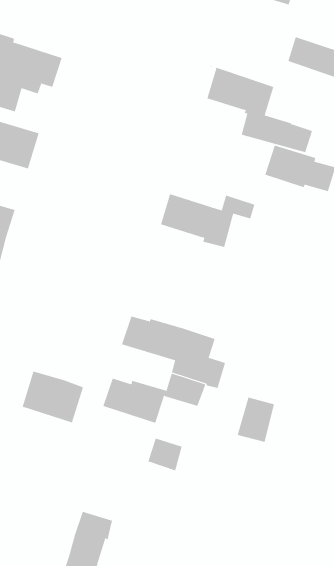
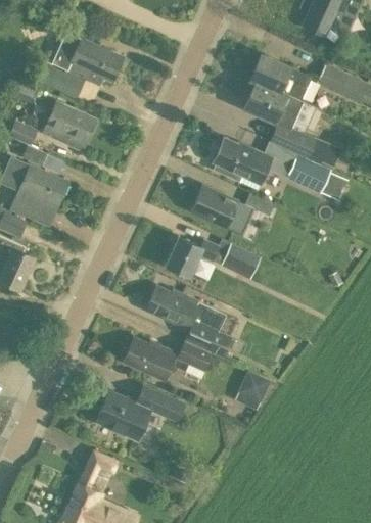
building: none -> [248,54,311,104]
building: none -> [211,137,272,185]
building: none -> [165,236,260,280]
building: [22,371,84,423] -> [94,391,149,440]

